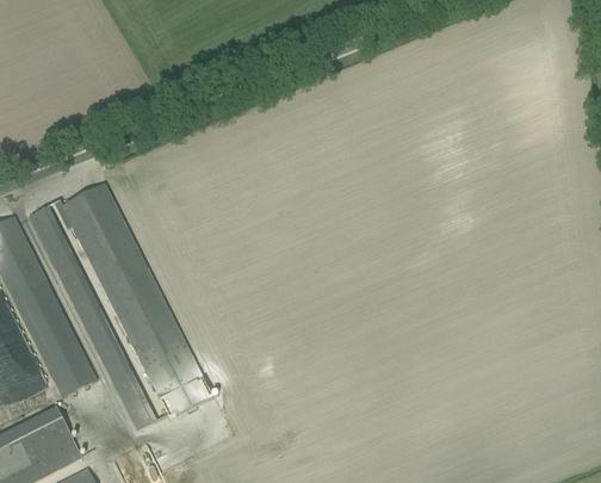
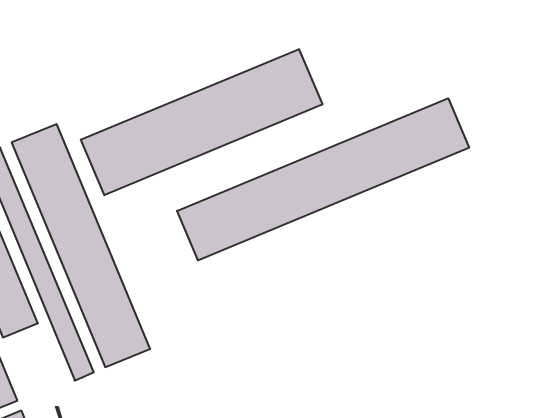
building: none -> [81,49,322,195]
building: none -> [177,98,469,260]

